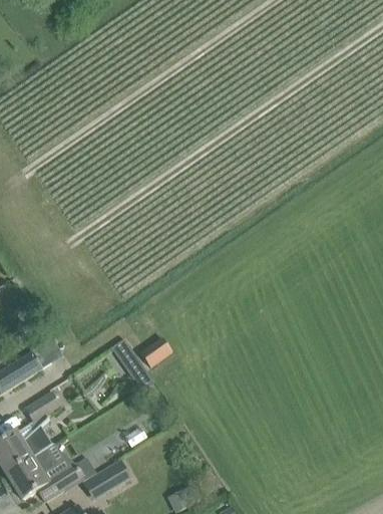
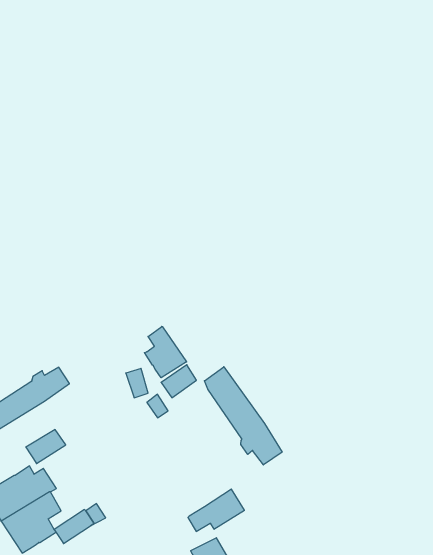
building: none -> [144,326,187,378]
building: none -> [204,367,282,465]
building: [83,458,131,494] -> [188,489,244,531]

